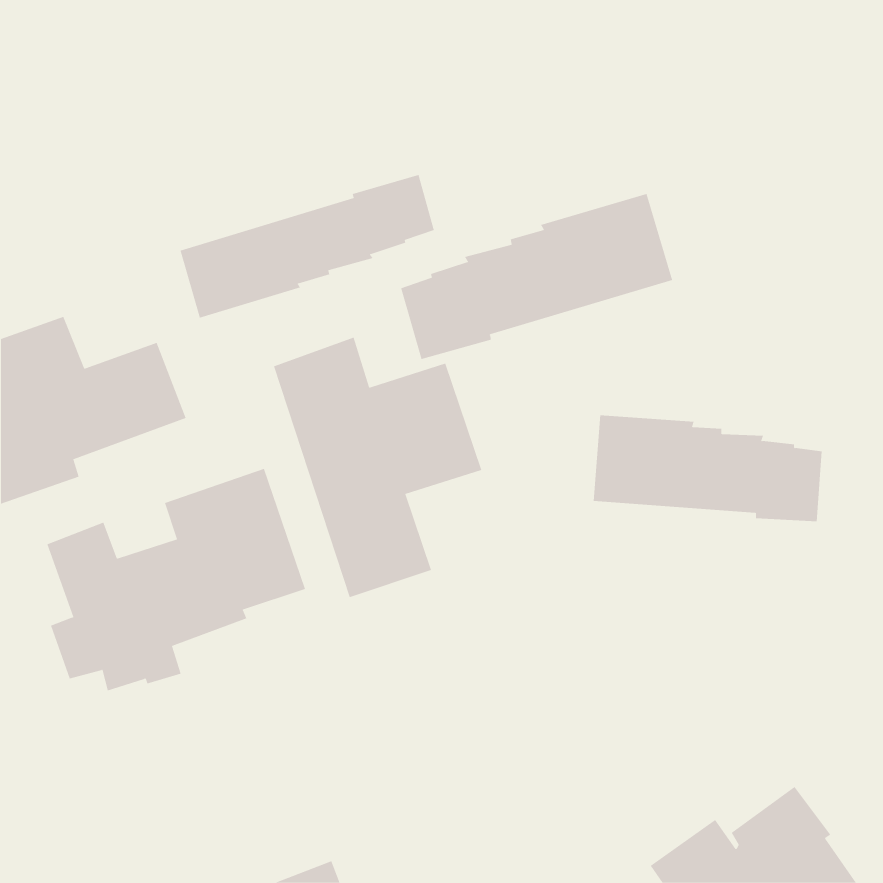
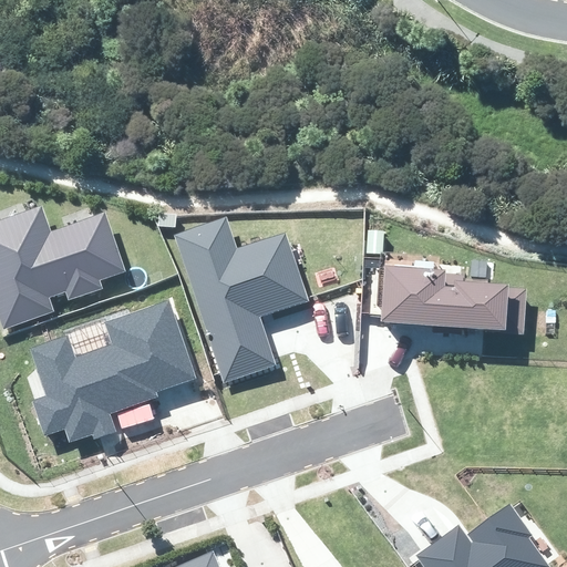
building: [180,174,434,318] -> none
building: [401,193,673,360] -> none

